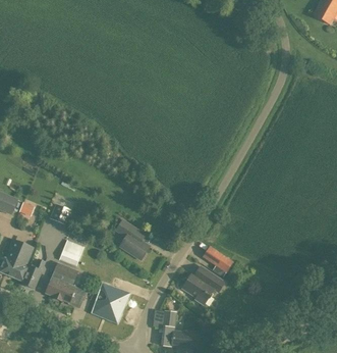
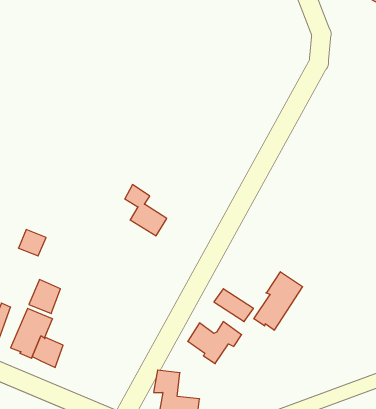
building: [115,218,148,258] -> [125,185,167,236]
building: none -> [254,272,303,330]
building: [91,281,130,322] -> none

